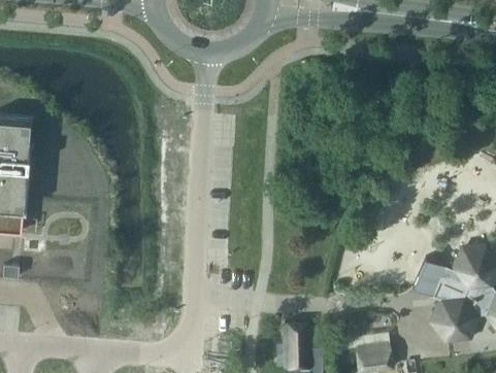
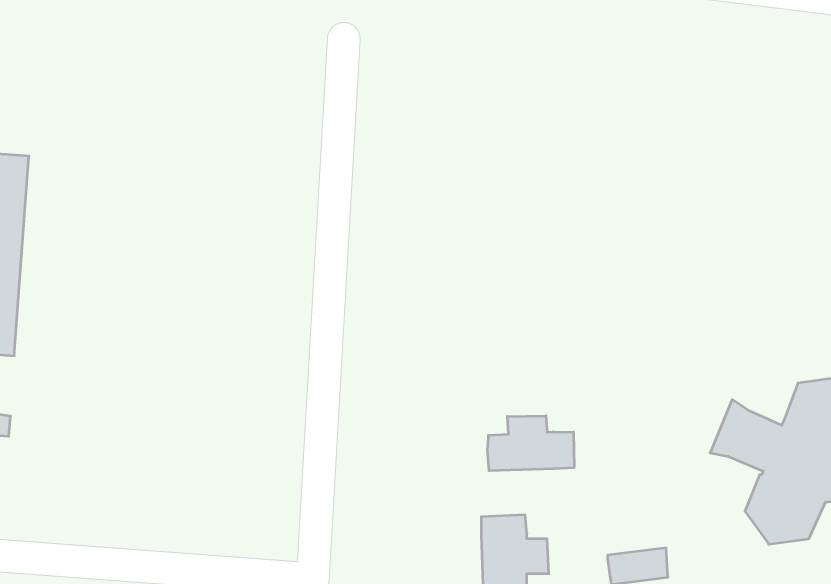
building: none -> [487,416,574,471]

